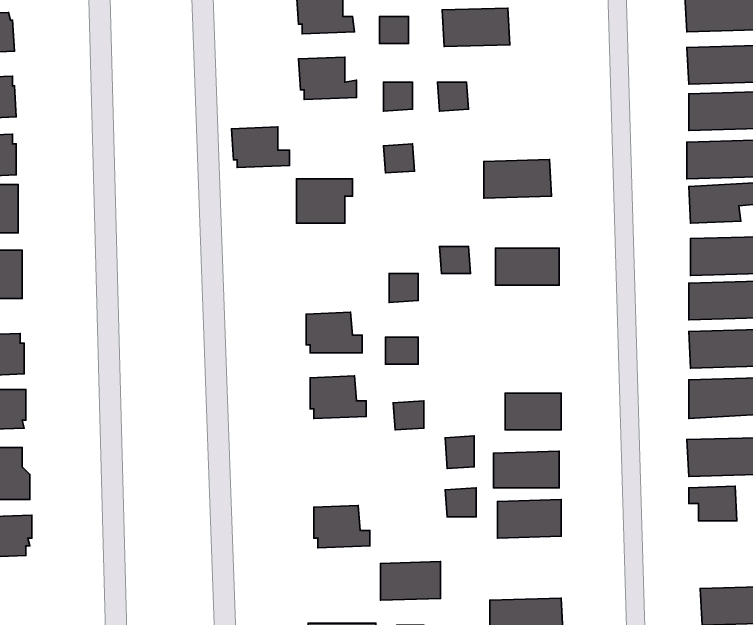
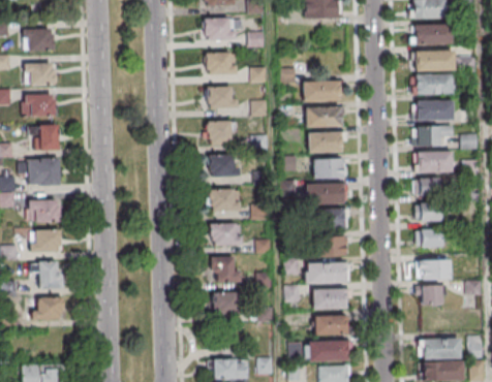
building: [442,8,510,47] -> [304,84,340,104]
building: [231,127,289,167] -> [208,89,239,110]
building: none -> [308,134,344,155]
building: none -> [207,156,241,176]
building: none -> [307,186,343,206]
building: none -> [309,212,344,232]
building: none -> [210,256,238,280]
building: [380,562,440,600] -> [315,318,347,339]

